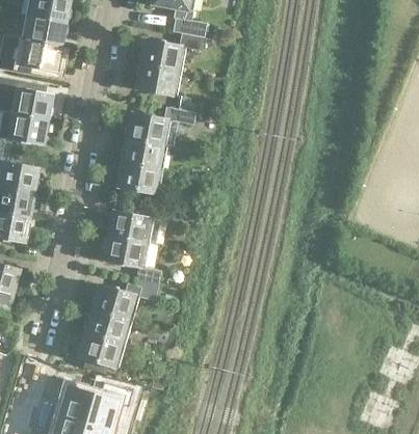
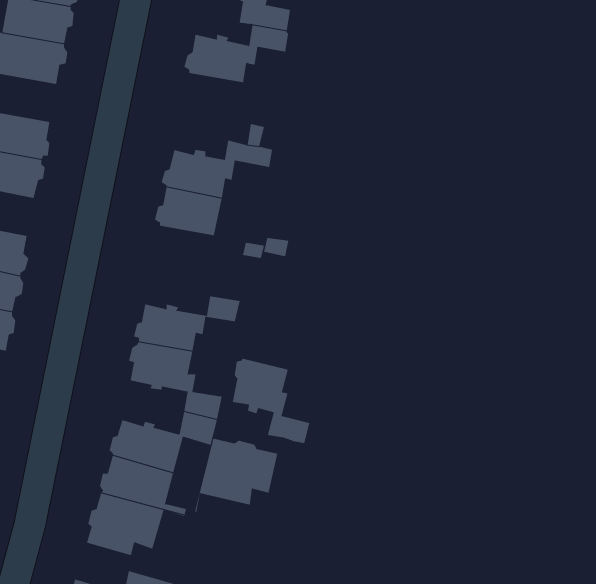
building: [134,64,178,97] -> none
building: [114,162,157,194] -> none
building: none -> [232,358,310,444]
building: none -> [195,438,278,513]

